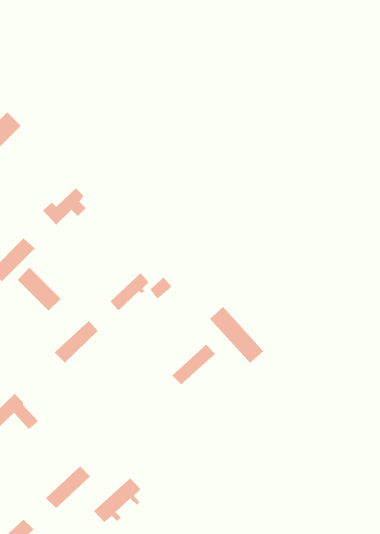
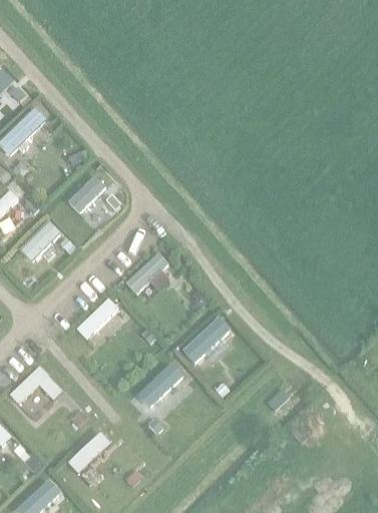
building: [17,267,61,312] -> none
building: [209,306,264,364] -> none
building: [93,477,141,523] -> [136,364,180,406]

